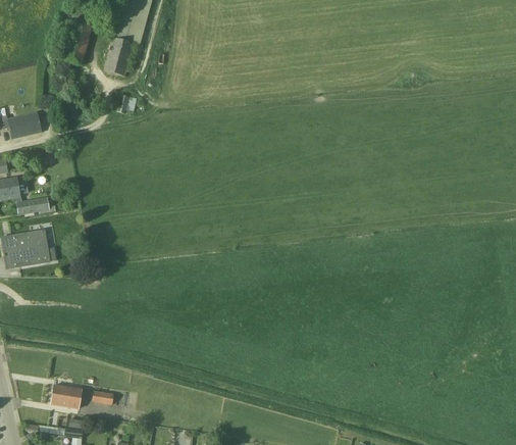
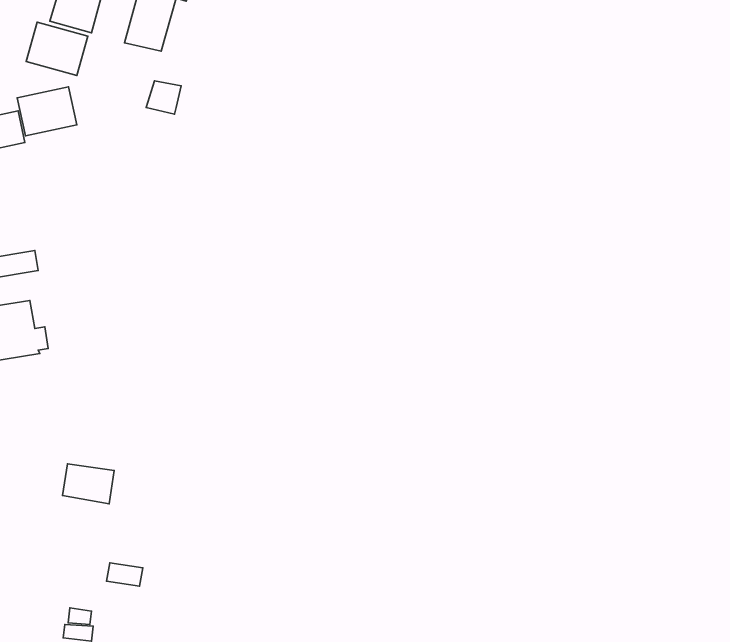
building: none -> [26,22,88,76]
building: none -> [17,87,77,136]
building: [50,384,82,408] -> [63,464,114,504]

